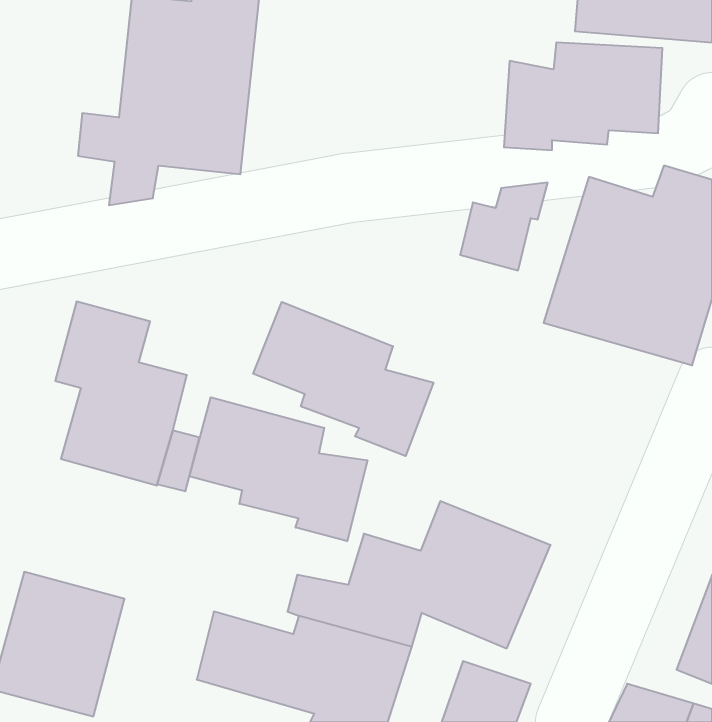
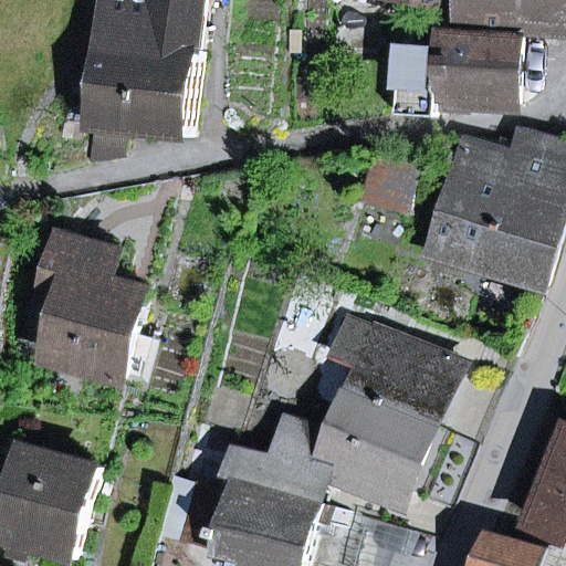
building: [253,302,433,456] -> none
building: [189,397,368,541] -> none
building: none -> [328,321,455,426]

